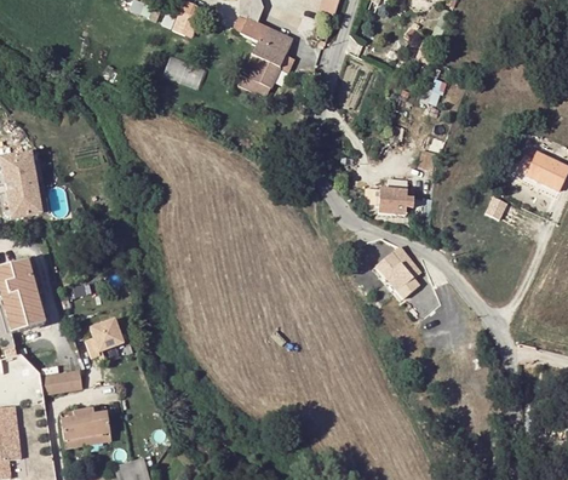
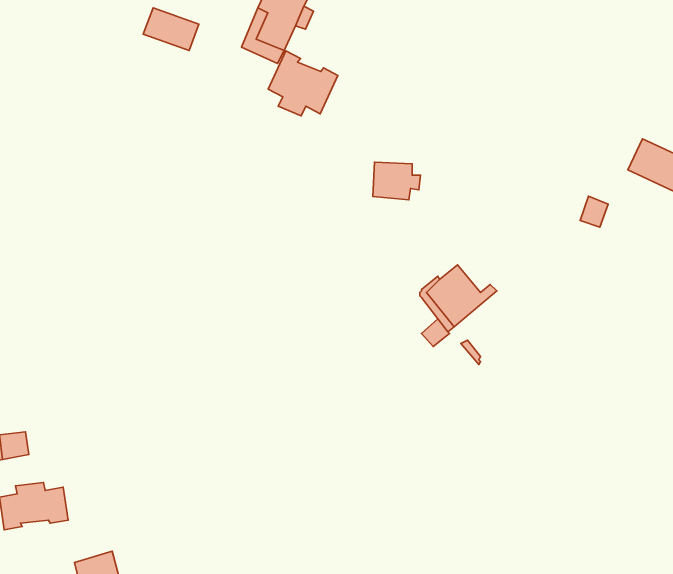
building: none -> [268,51,338,116]
building: [377,188,412,216] -> [373,162,420,200]
building: [85,319,124,359] -> none

